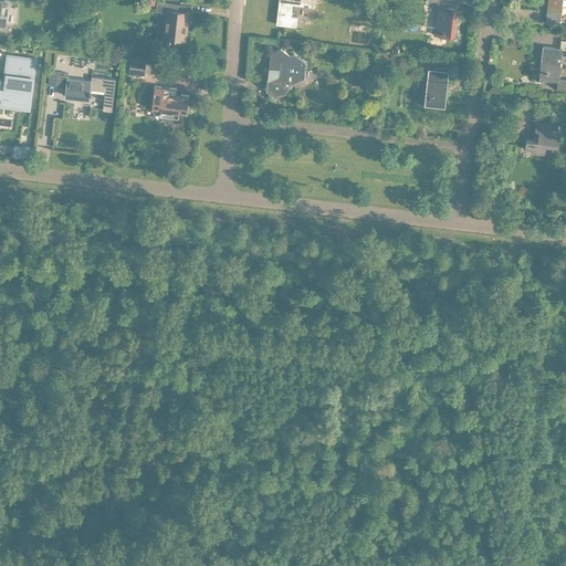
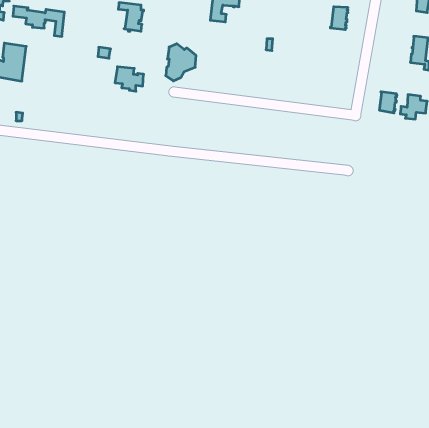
building: [265,50,305,98] -> [166,44,196,81]
building: [423,72,448,112] -> none
building: [48,73,115,113] -> [13,6,64,36]
building: none -> [380,92,397,113]

